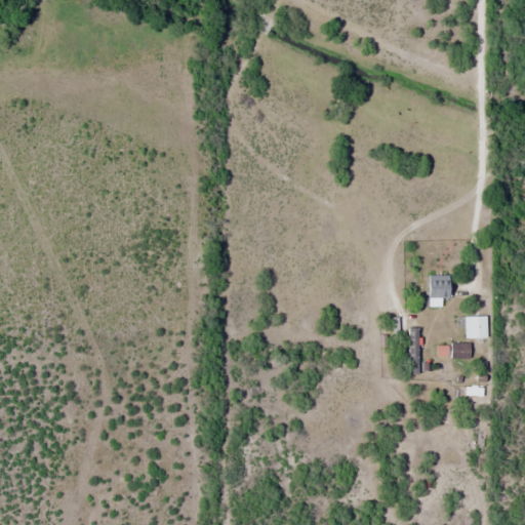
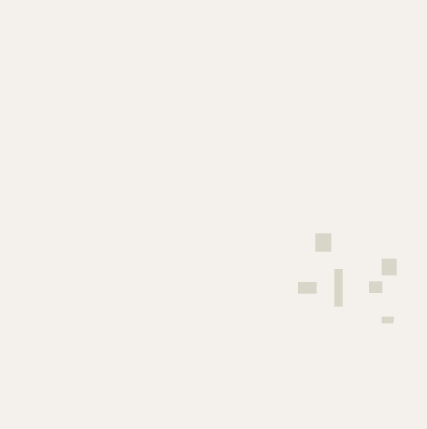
building: [429,275,450,298] -> [315,233,332,252]
building: none -> [298,281,317,295]

